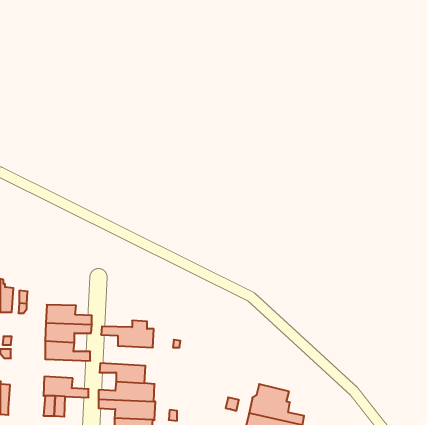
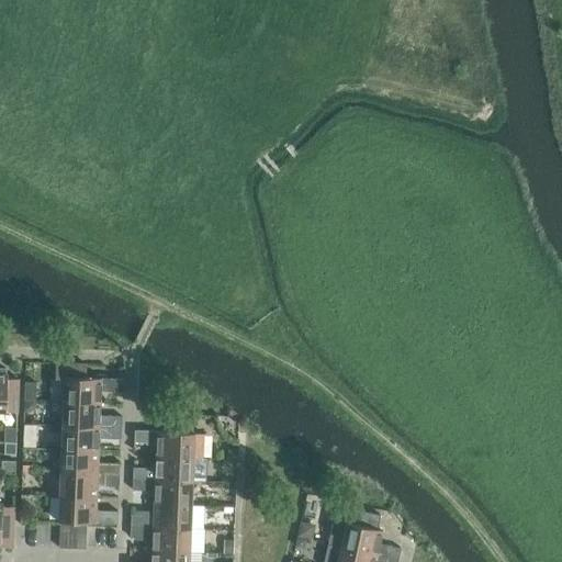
building: none -> [54,364,122,404]
building: none -> [132,457,206,483]
building: none -> [58,474,119,499]

